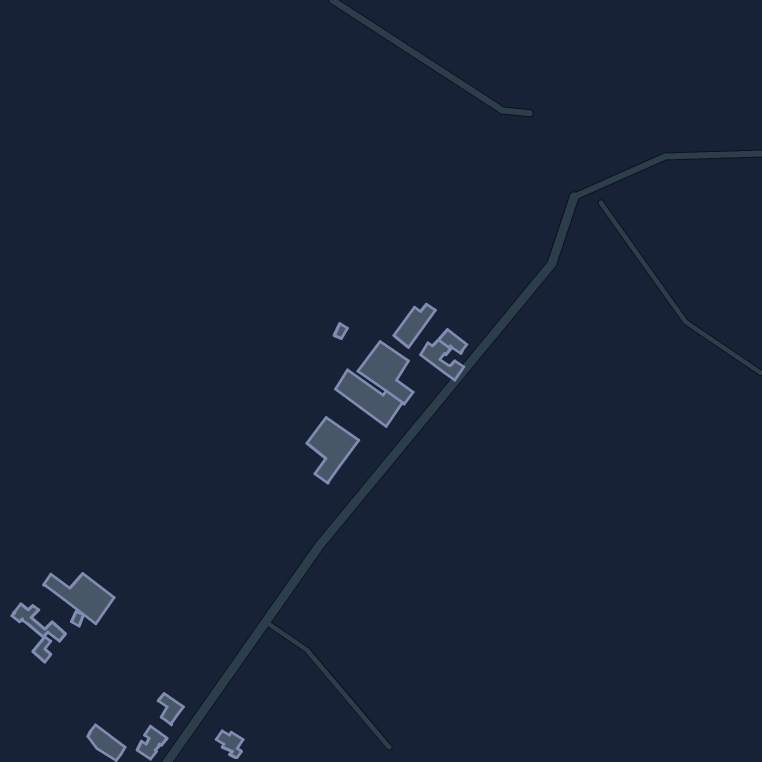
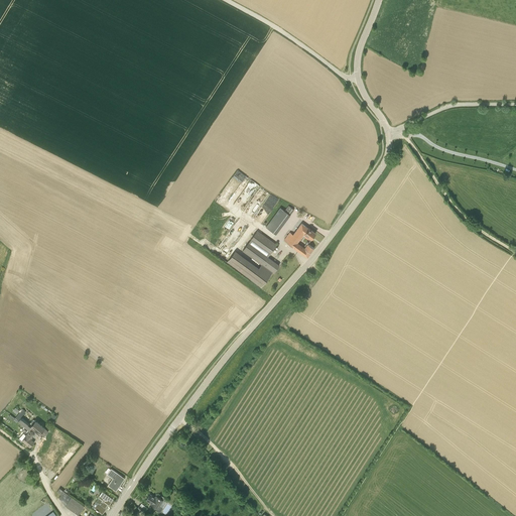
building: [307,418,359,483] -> none
building: [44,573,114,624] -> none

